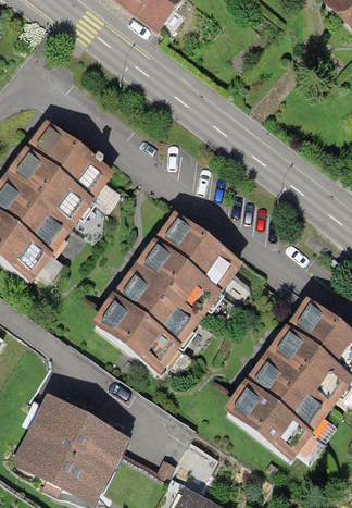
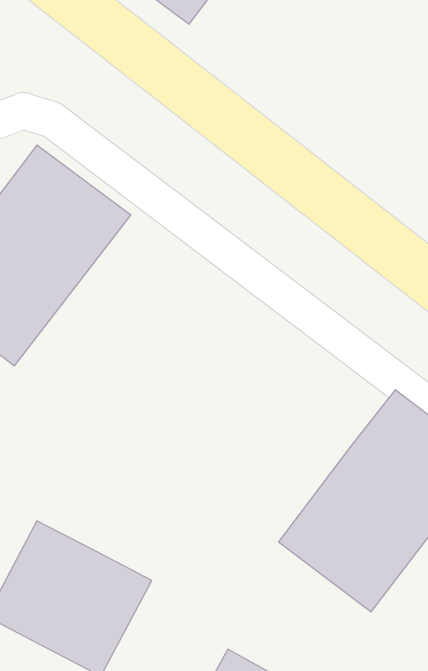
building: [91,211,244,374] -> none

